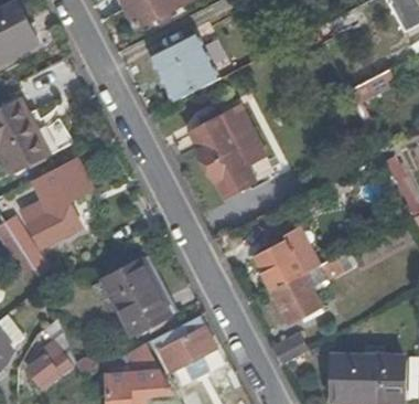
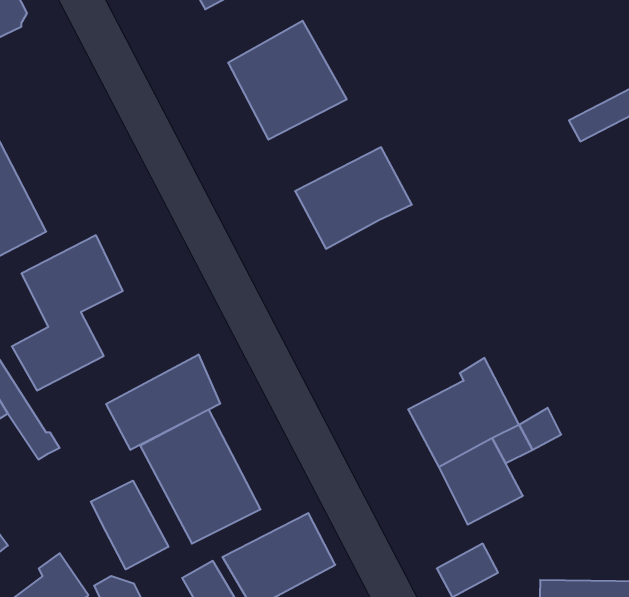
building: [208,140,267,199] -> none
building: none -> [106,354,220,450]
building: none -> [91,481,168,569]

